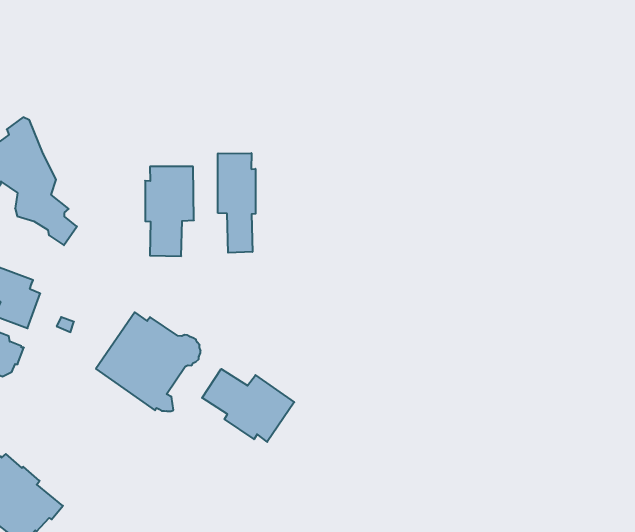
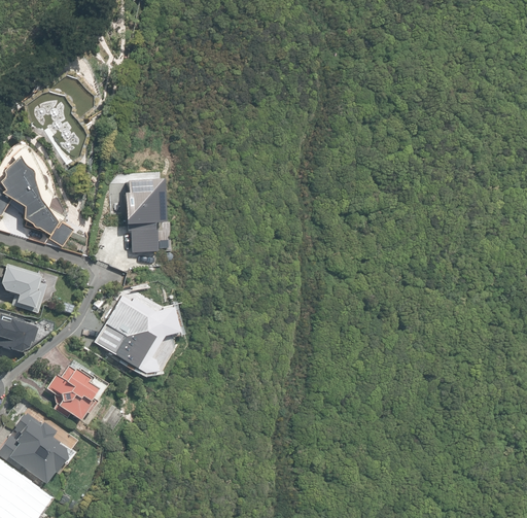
building: [218,153,256,253] -> none
building: [202,369,294,442] -> none
building: none -> [46,360,109,421]

